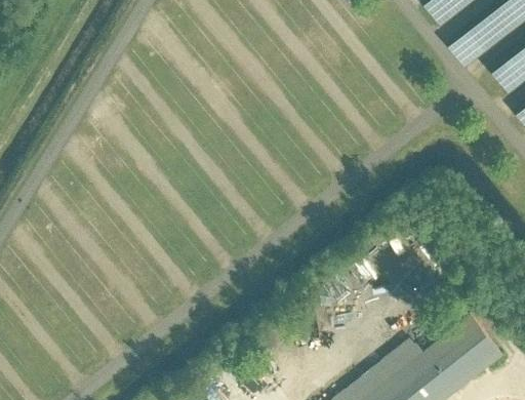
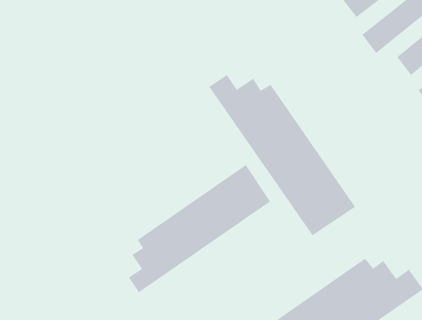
building: none -> [209,74,356,236]
building: none -> [128,164,271,293]

